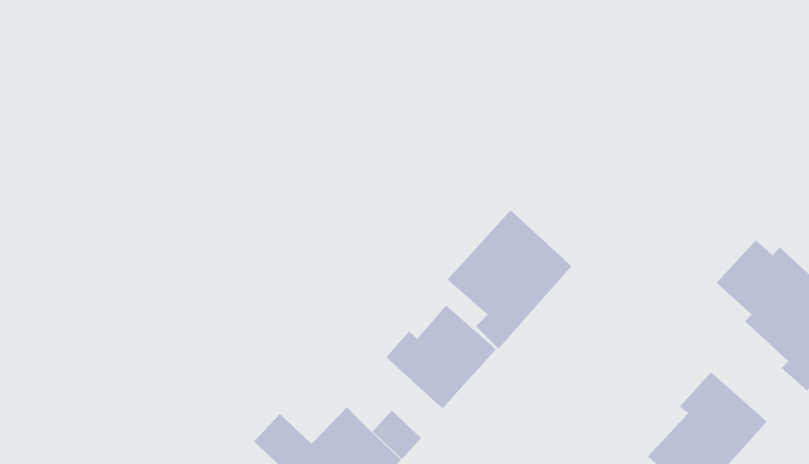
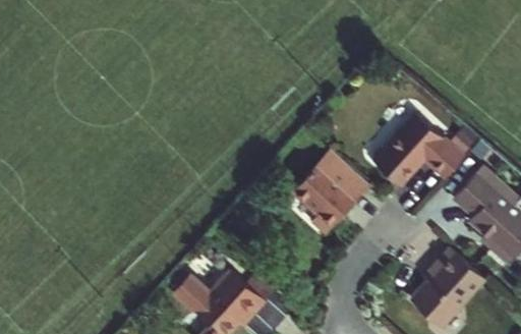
building: none -> [371,115,461,187]
building: [386,305,497,409] -> none

